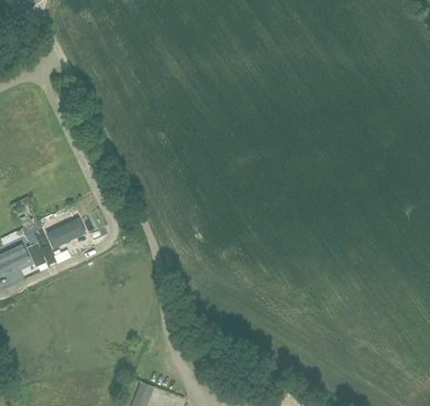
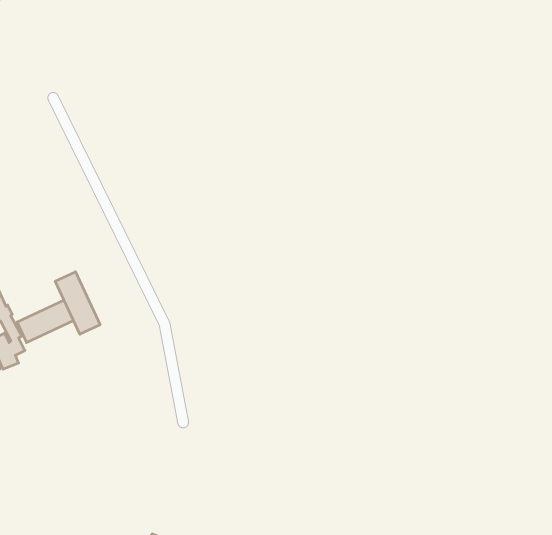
building: none -> [55,272,100,334]

